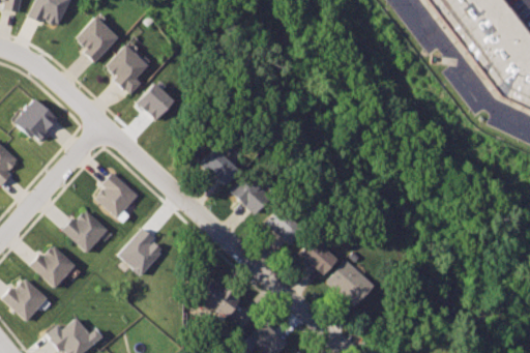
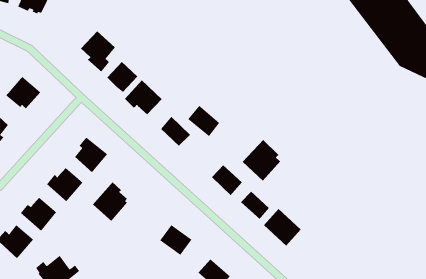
building: [76,16,119,64] -> none
building: none -> [124,79,162,115]
building: [229,176,269,215] -> [187,105,220,137]
building: none -> [242,139,281,182]

